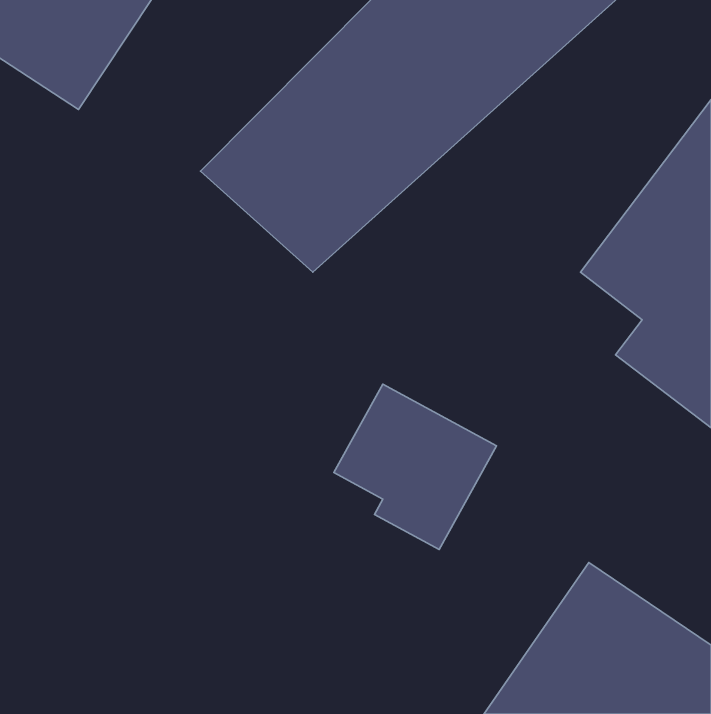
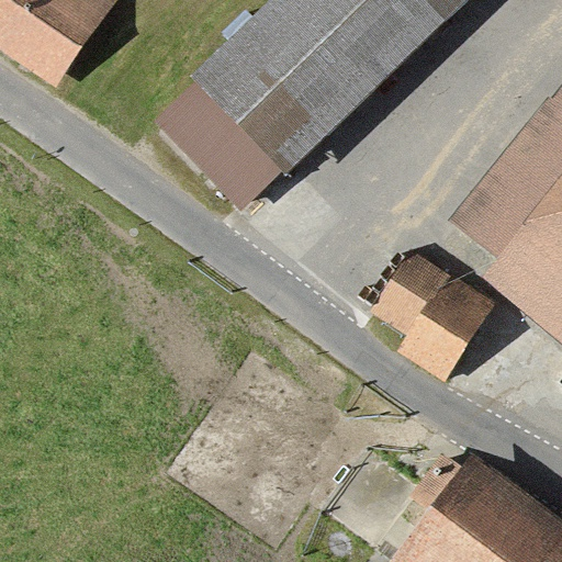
building: [334,384,497,550] -> [369,244,496,373]

